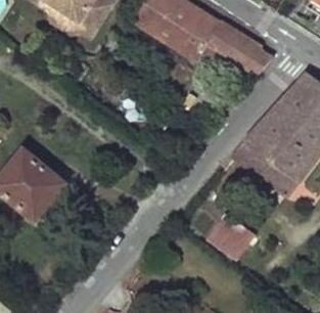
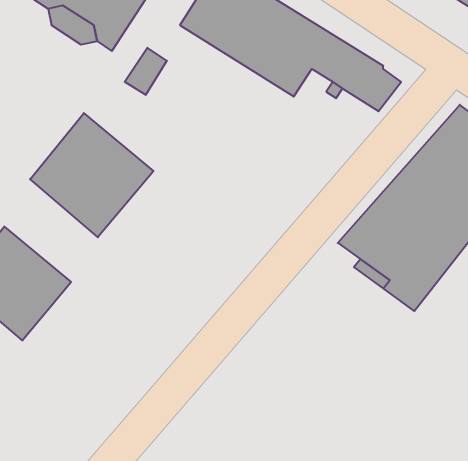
building: none -> [30,113,153,237]
building: [210,213,257,257] -> none

